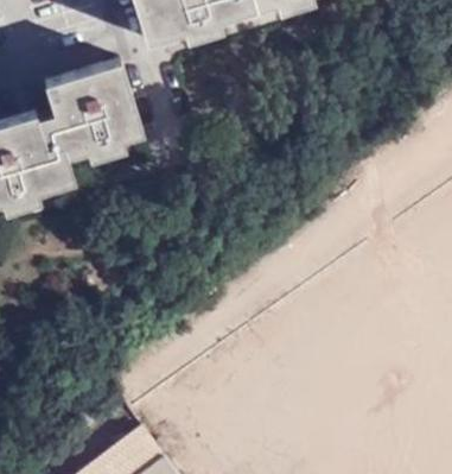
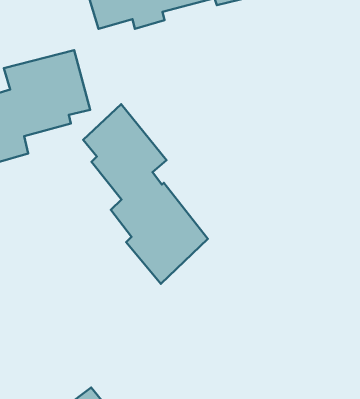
building: none -> [83,104,208,284]

